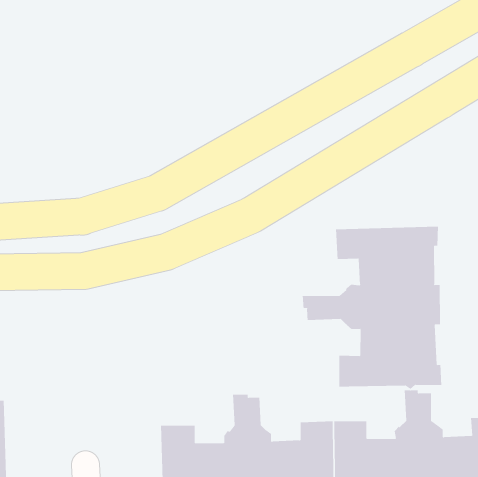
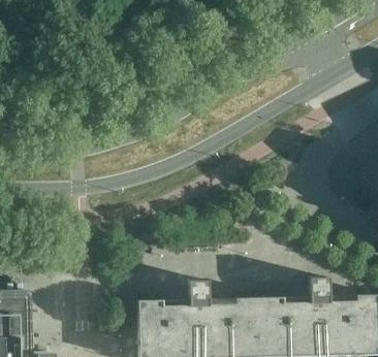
building: [302,226,442,390] -> none

